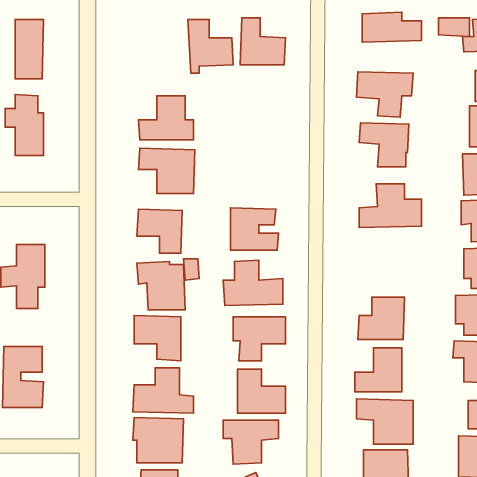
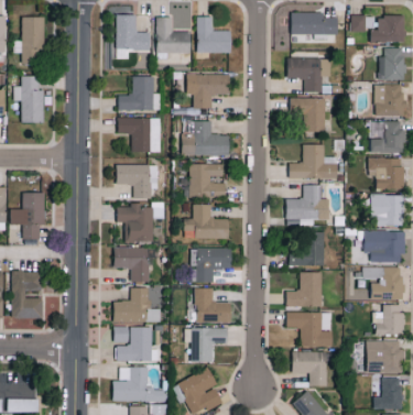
building: none -> [116,14,150,50]
building: none -> [186,74,229,108]
building: none -> [182,121,228,155]
building: none -> [285,185,328,226]

